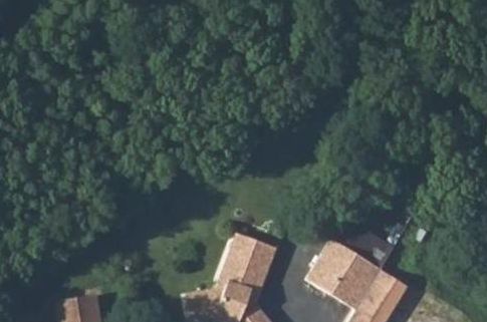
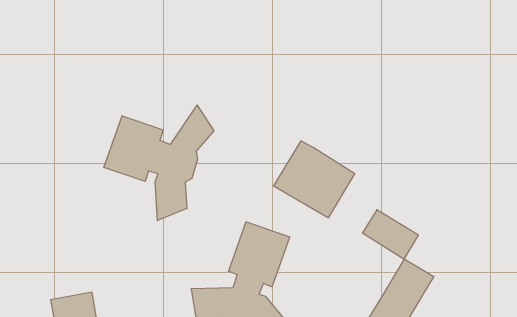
building: none -> [104,105,214,221]
building: [306,238,381,308] -> [273,141,355,218]

